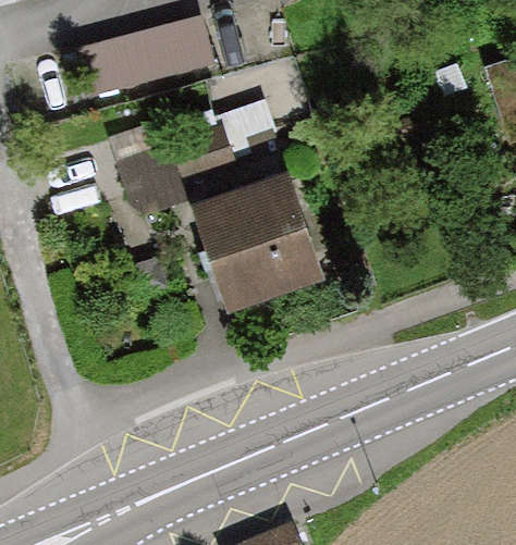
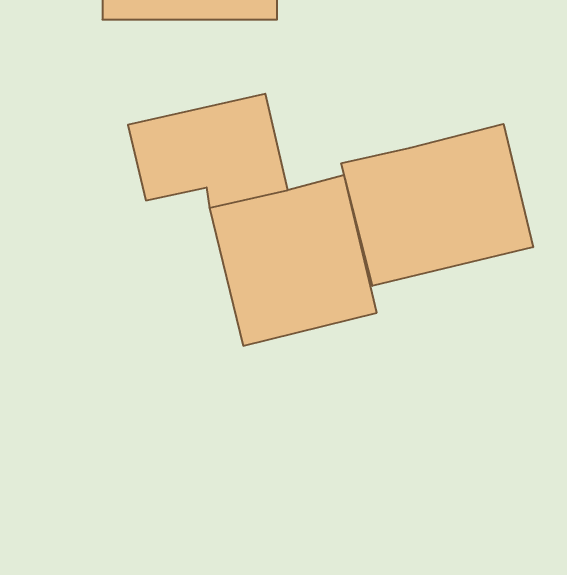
building: none -> [341,124,533,286]

